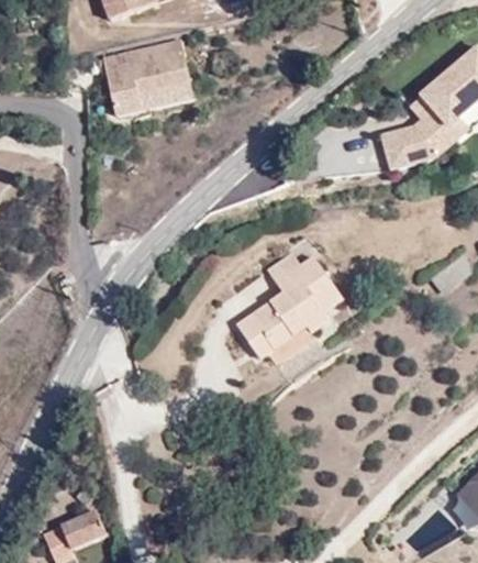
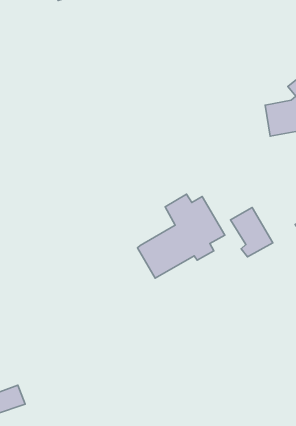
building: [101,40,190,122] -> none
building: none -> [230,208,273,257]

